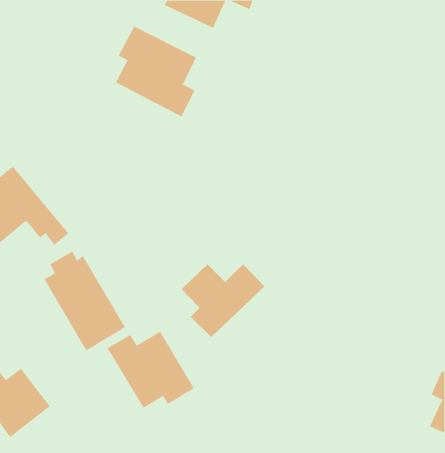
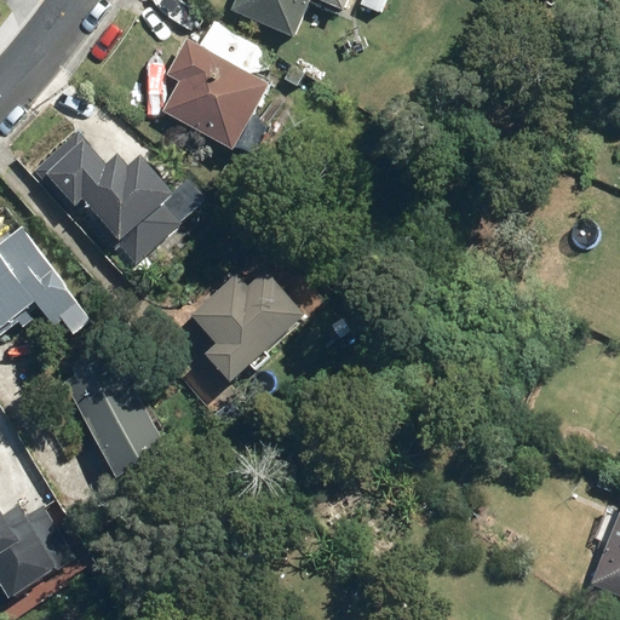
building: none -> [30,133,205,265]
building: [181,263,265,338] -> [193,282,308,384]
building: [107,331,194,409] -> none

